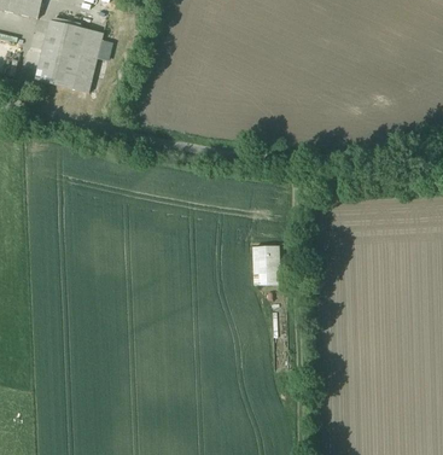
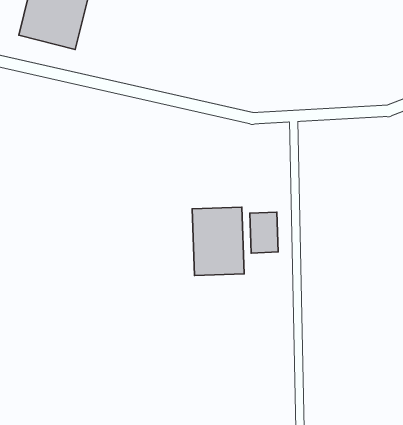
building: none -> [192,207,244,275]

